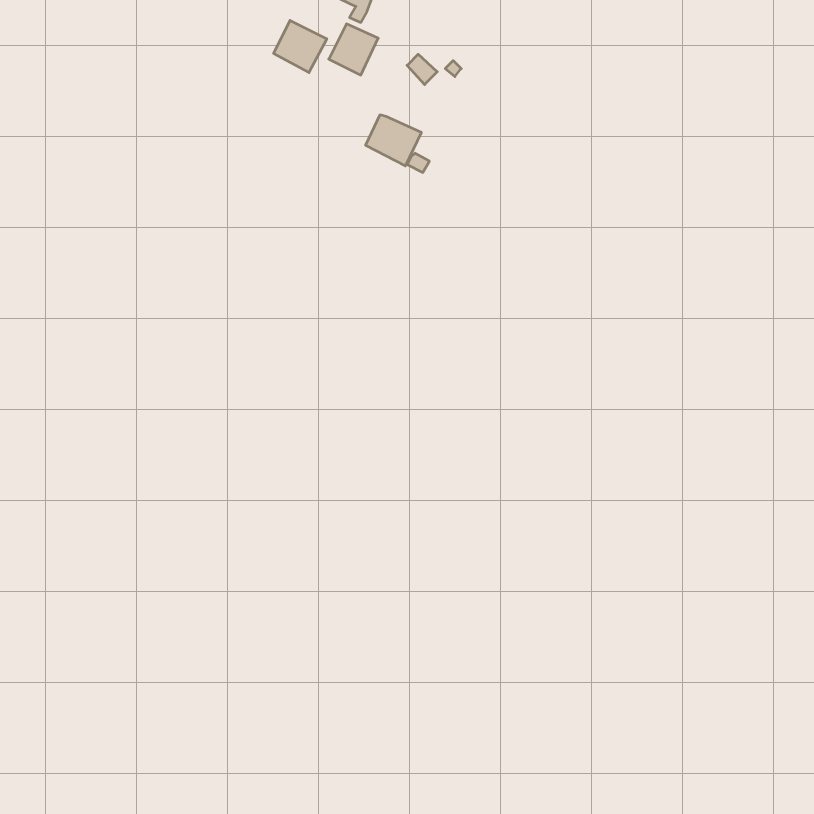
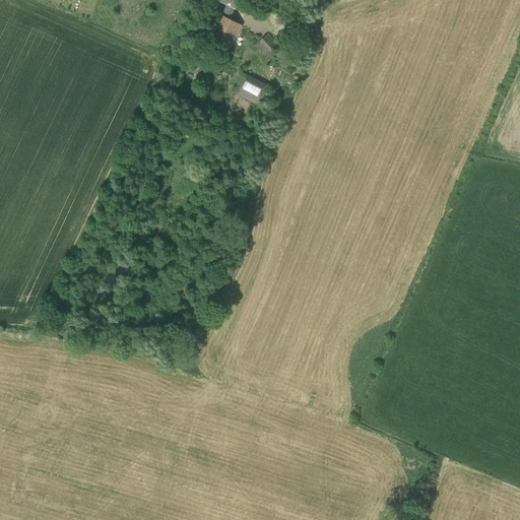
building: [274,20,327,73] -> none

